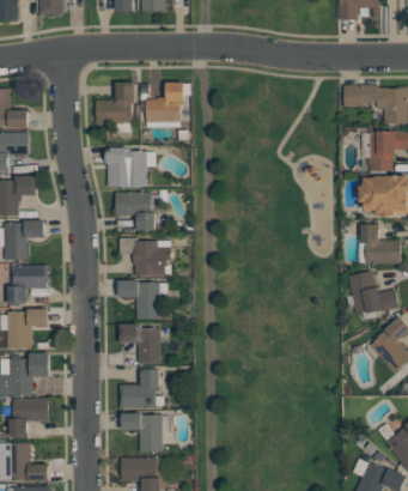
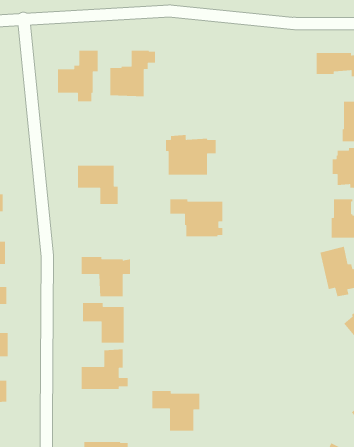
building: [105,147,154,187] -> [165,134,217,175]
building: [118,238,170,275] -> [169,198,223,237]
building: [122,413,169,453] -> [152,390,200,432]

